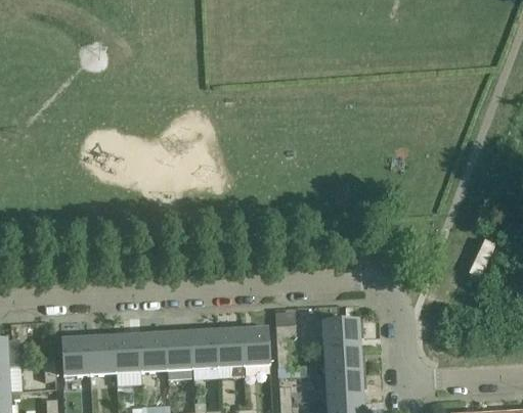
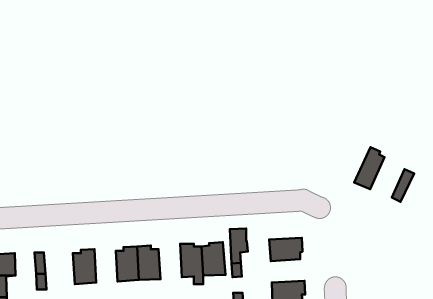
building: none -> [354,147,384,189]
building: [190,327,218,369] -> none
building: [114,332,141,373] -> none
building: [61,335,90,376] -> none
building: [324,346,364,373] -> none

